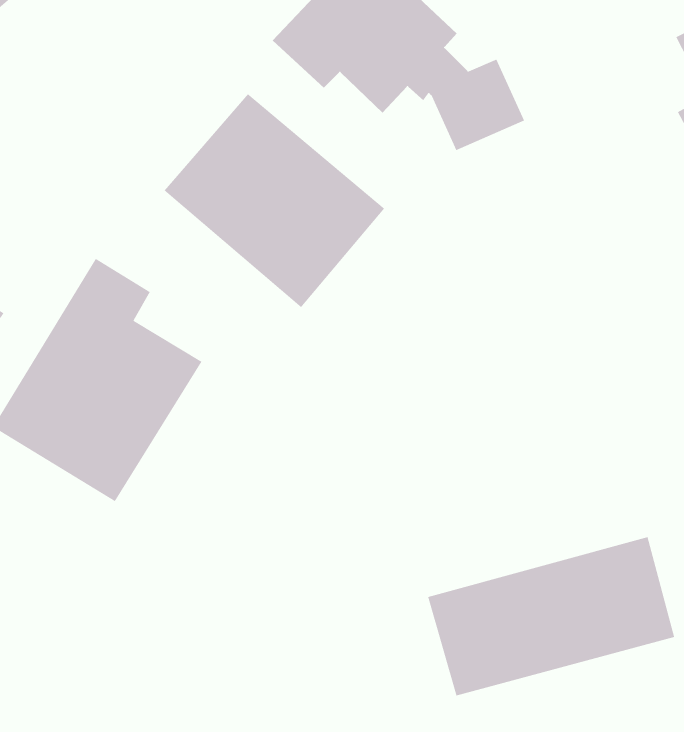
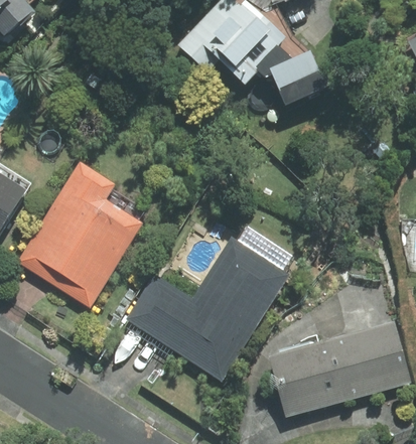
building: [164,93,385,308] -> none
building: none -> [128,240,287,377]

